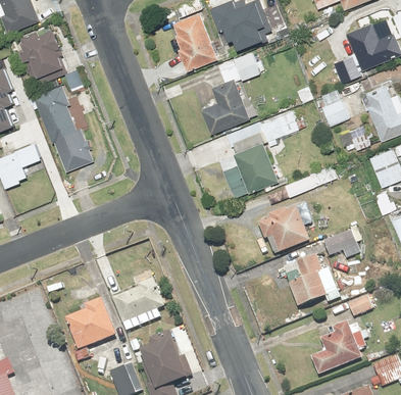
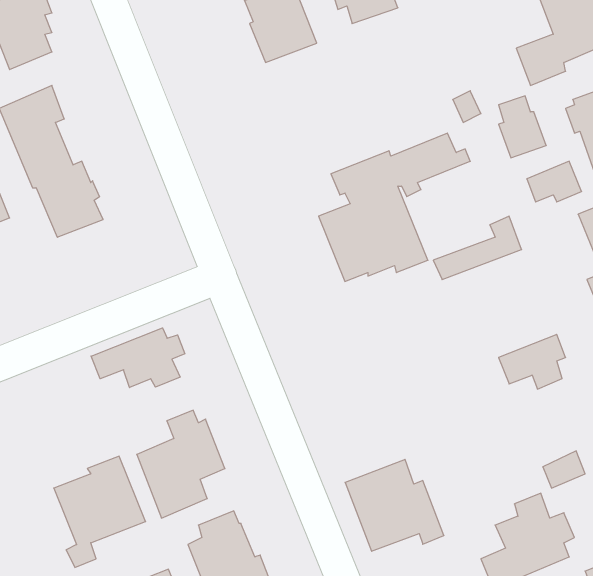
building: [199,51,260,135] -> none
building: [256,205,307,255] -> none
building: none -> [91,328,185,388]
building: [282,254,339,307] -> [345,459,444,551]

